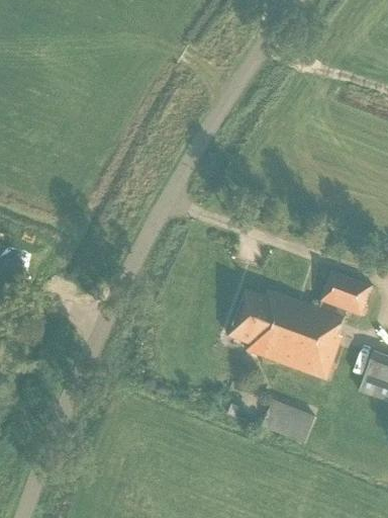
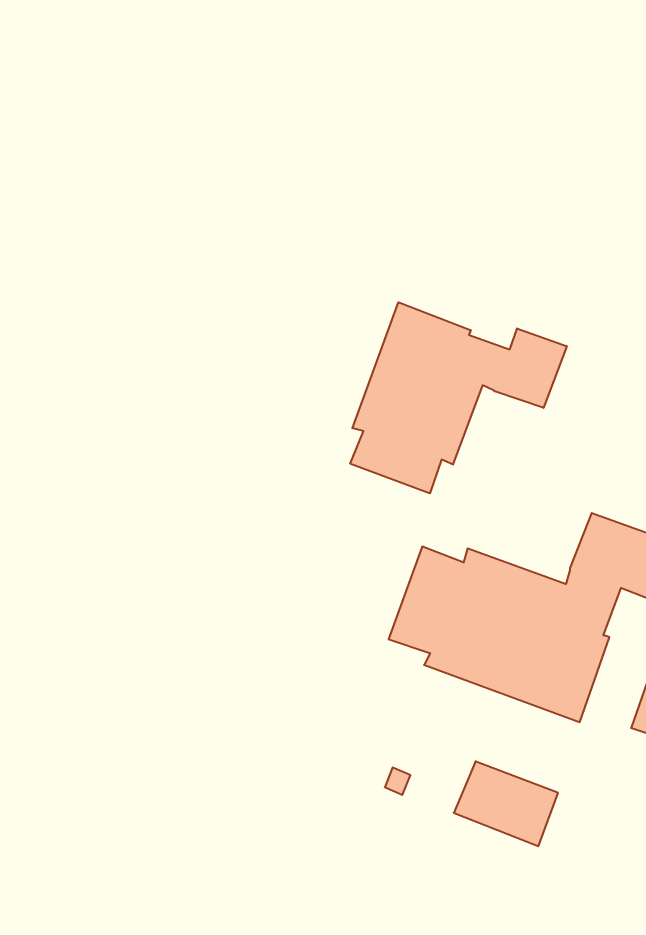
building: none -> [350,302,567,493]

